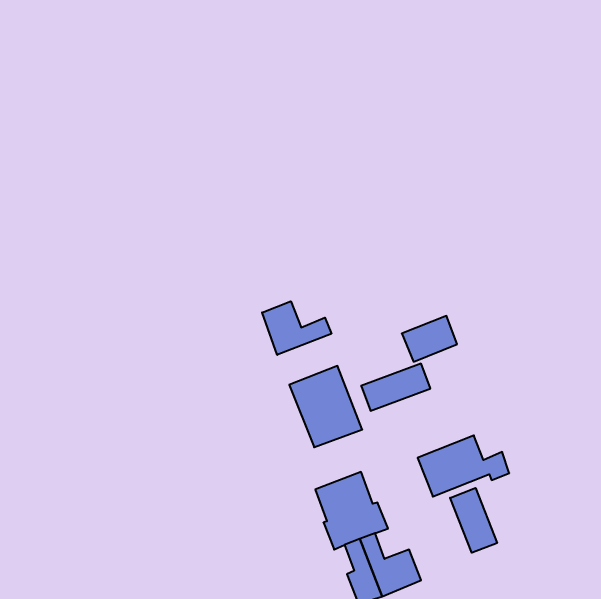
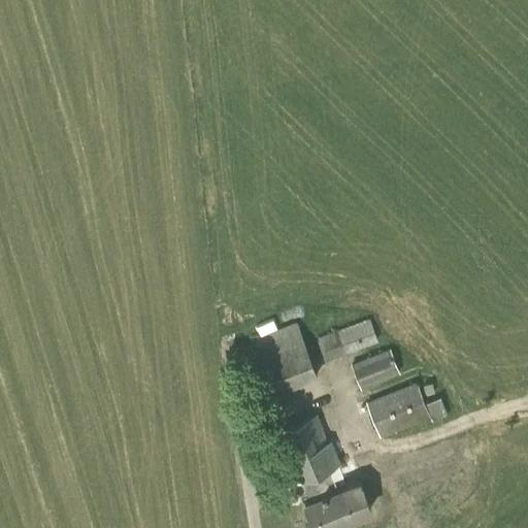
building: [262,301,331,355] -> none
building: [402,316,457,362] -> [351,351,399,391]
building: [450,488,497,553] -> none

